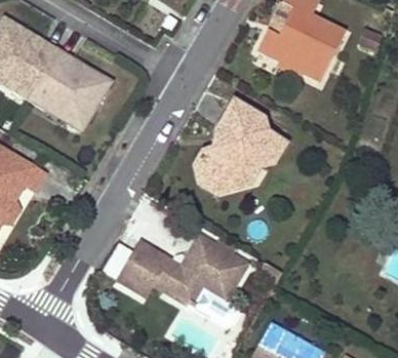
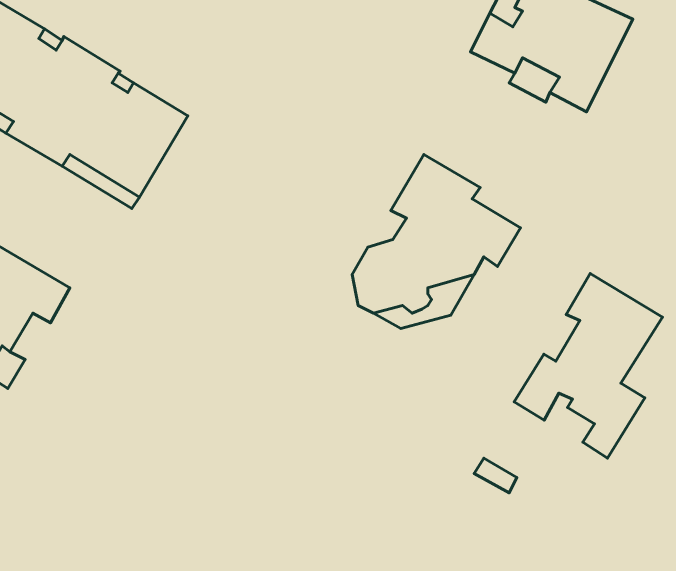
building: none -> [514,274,662,458]
building: [118,235,247,317] -> none

